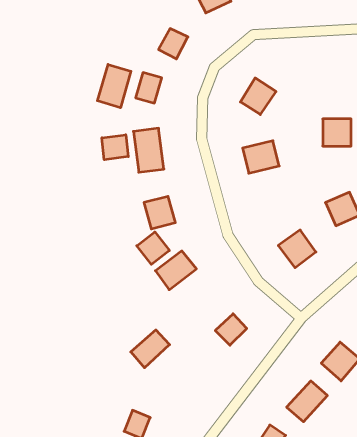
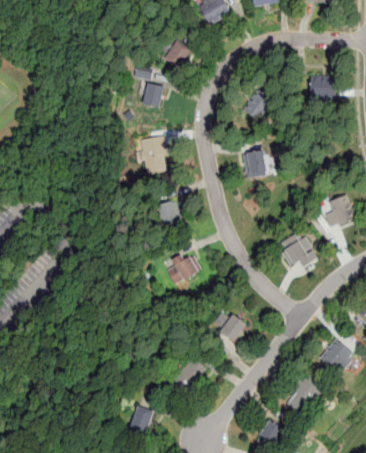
building: [97,64,131,108] -> none
building: [323,119,351,146] -> [309,75,336,101]
building: [102,135,128,160] -> none
building: [137,232,169,264] -> none
building: [131,330,170,368] -> [171,357,208,393]

